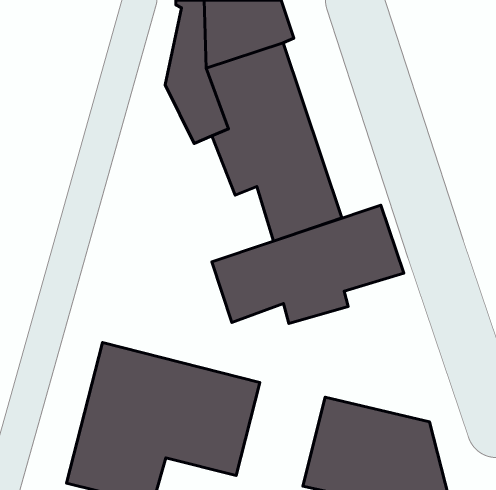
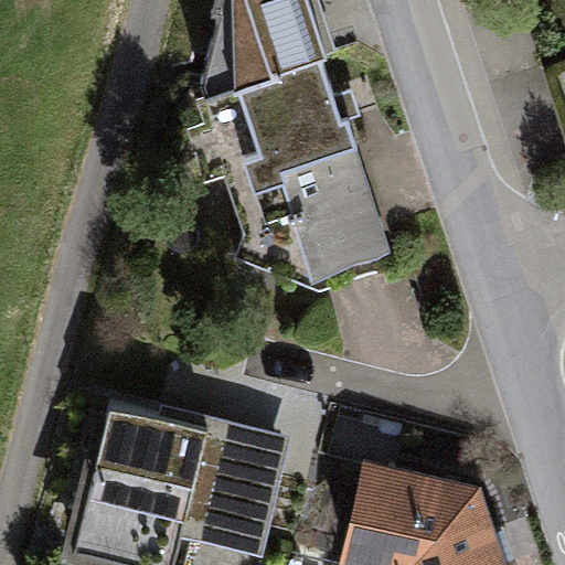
building: [212,205,404,323] -> none

